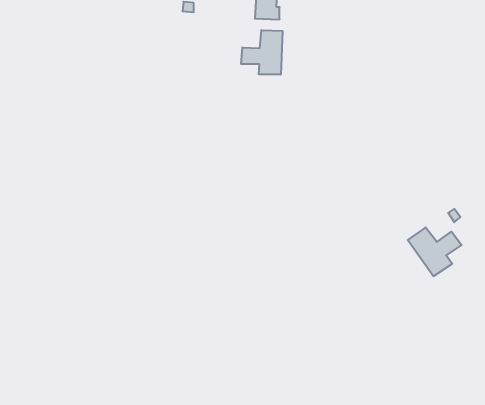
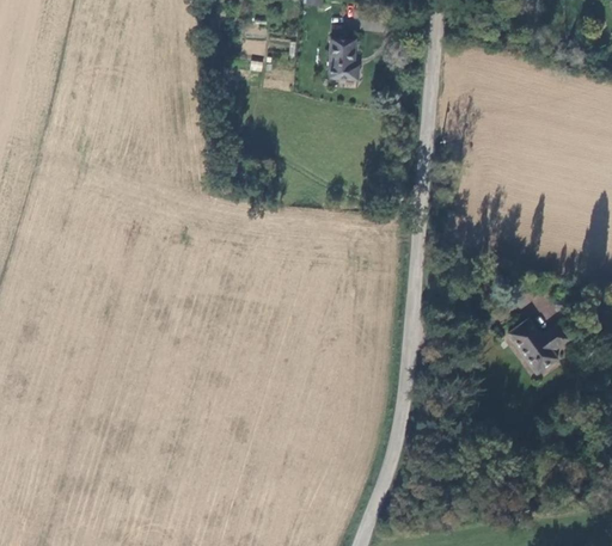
building: [241,30,283,75] -> none

